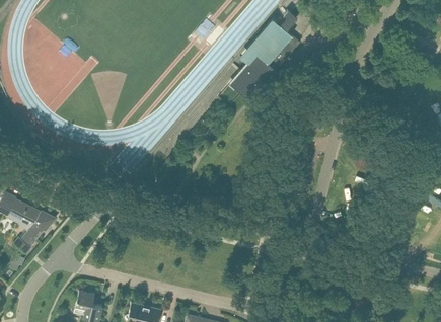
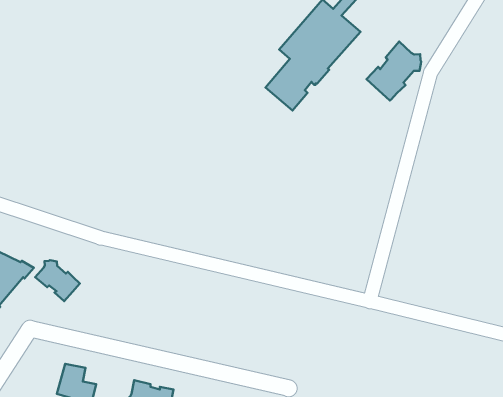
building: none -> [367,42,421,100]
building: none -> [35,260,80,301]

